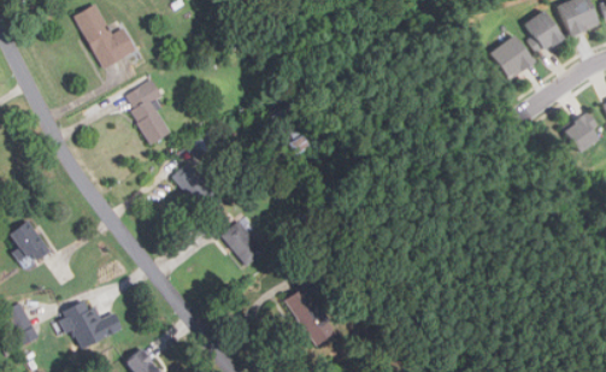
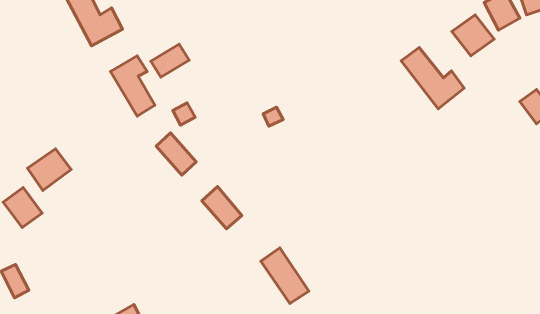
building: none -> [151,44,189,77]
building: none -> [401,47,464,109]
building: none -> [28,149,71,190]
building: [58,299,124,349] -> none

